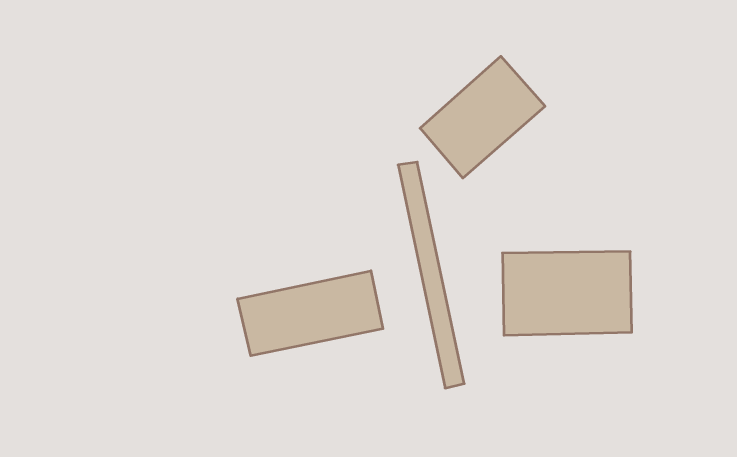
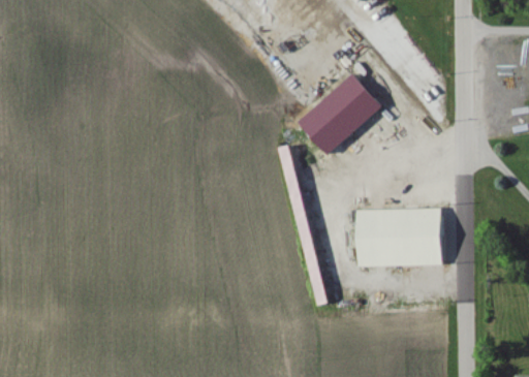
building: [238,271,383,356] -> none

